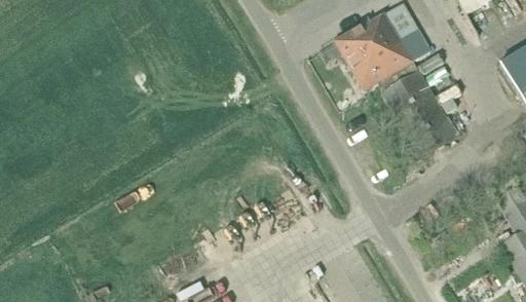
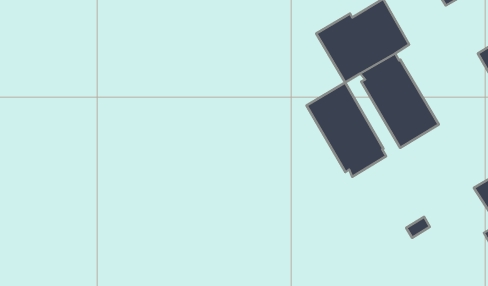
building: none -> [306,83,386,177]

